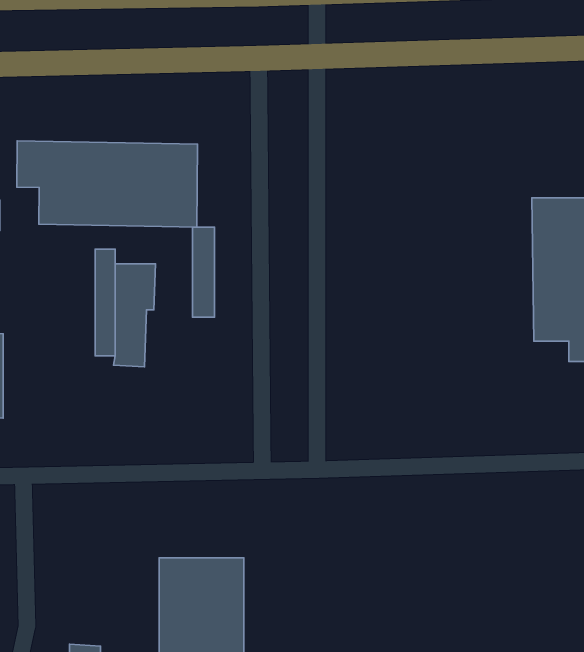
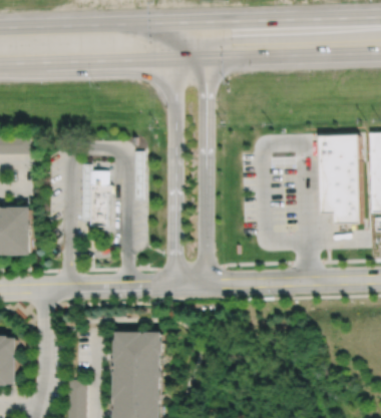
building: [17,141,197,227] -> none

